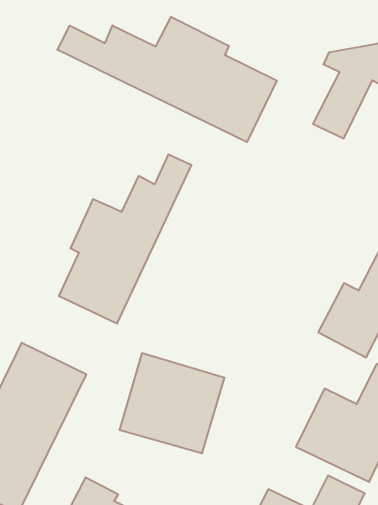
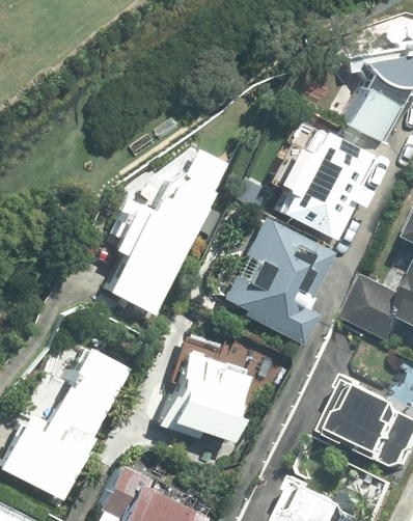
building: [57,17,277,142] -> none
building: none -> [282,128,386,240]
building: none -> [224,220,341,349]

